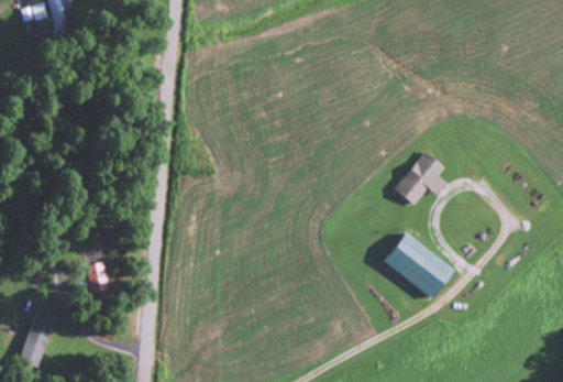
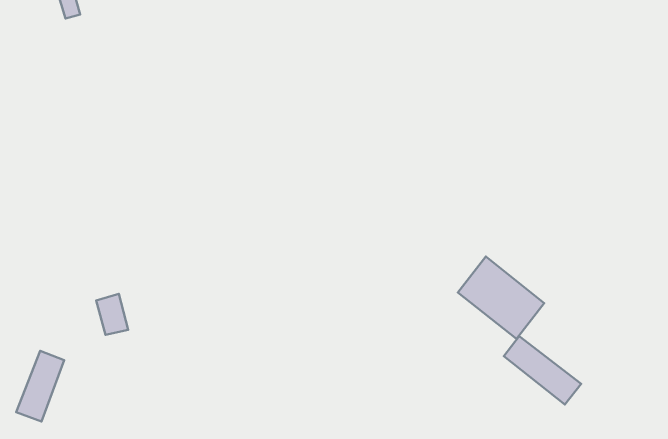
building: [395,150,448,205] -> none
building: none -> [504,336,581,405]

